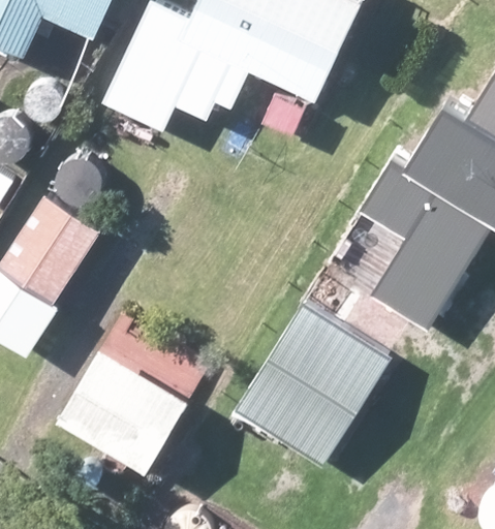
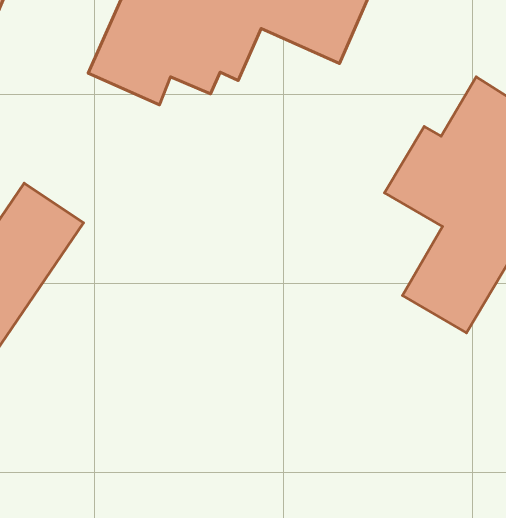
building: [241,301,391,459] -> none
building: [58,354,180,472] -> none

